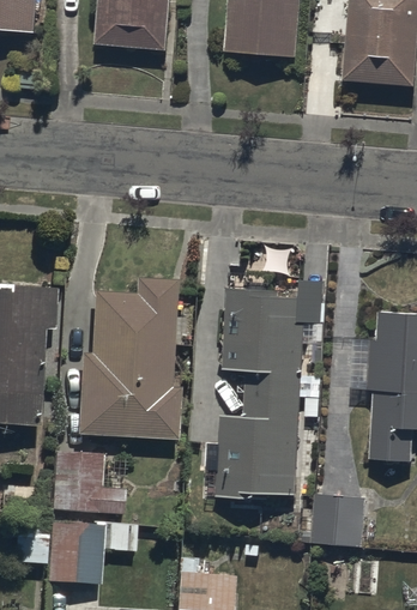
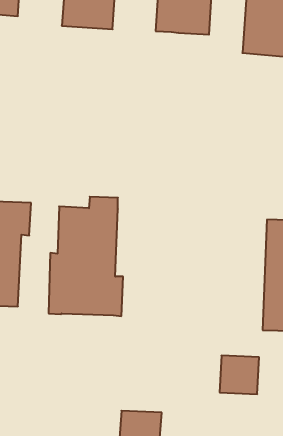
building: [217,278,327,499] -> none
building: [52,452,103,513] -> none
building: [46,523,103,587] -> none

